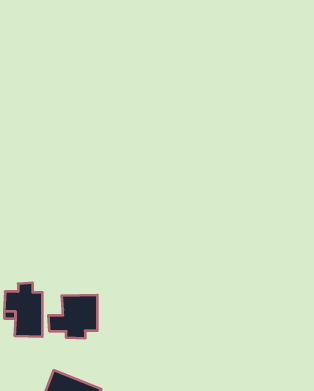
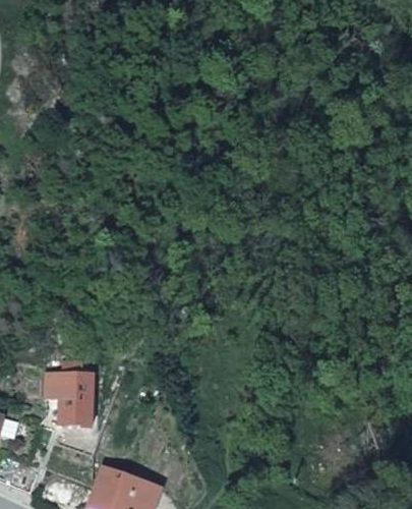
building: [48,295,97,338] -> none

